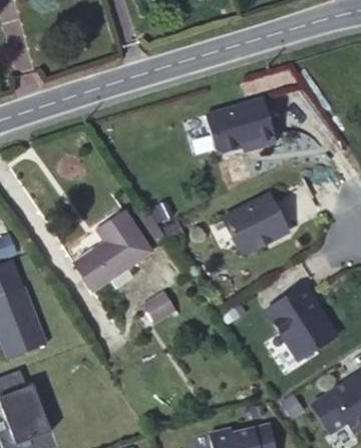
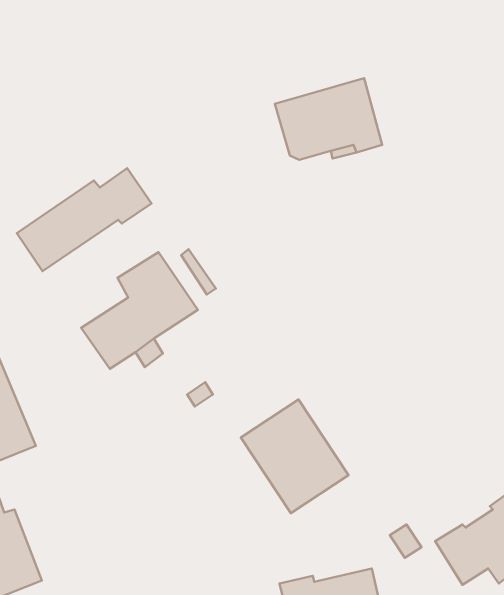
building: none -> [17,168,151,271]
building: [223,195,288,254] -> none
building: [266,284,337,359] -> [241,400,348,513]

